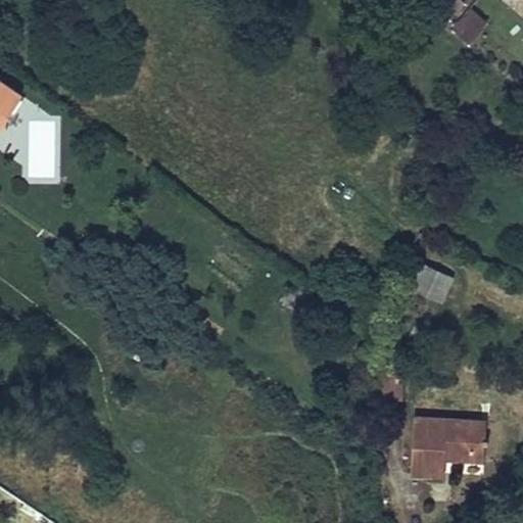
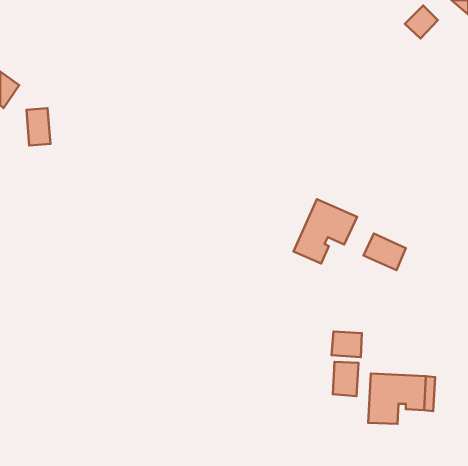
building: none -> [294,199,357,263]
building: none -> [333,362,359,396]

